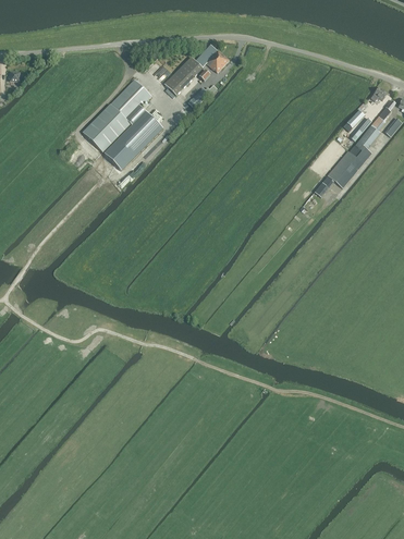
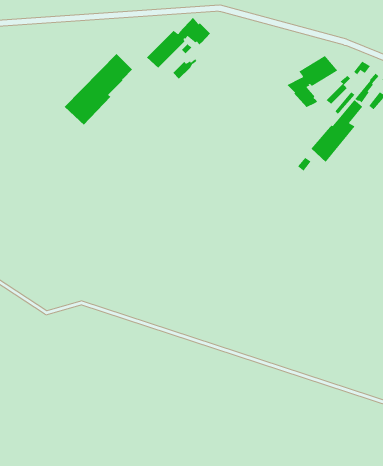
building: none -> [286,55,338,108]
building: [105,106,163,170] -> none

